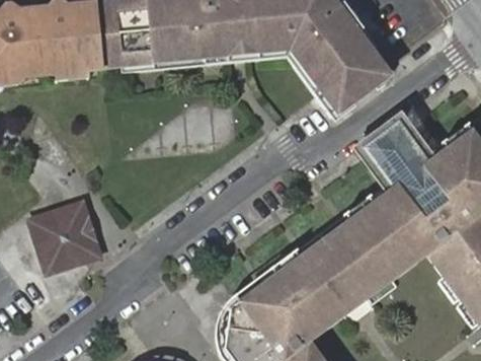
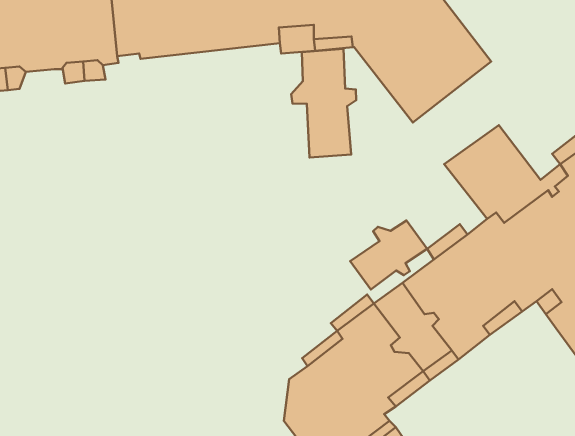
building: none -> [291,49,356,157]
building: none -> [350,220,427,290]
building: [32,205,96,269] -> none

